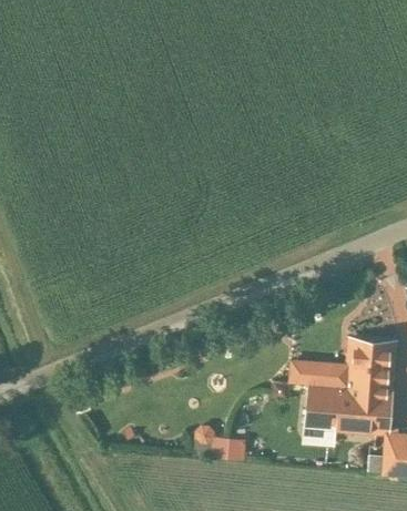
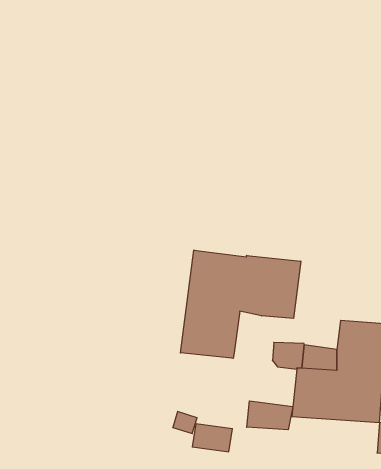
building: none -> [180,250,301,358]
building: none -> [247,401,293,430]

